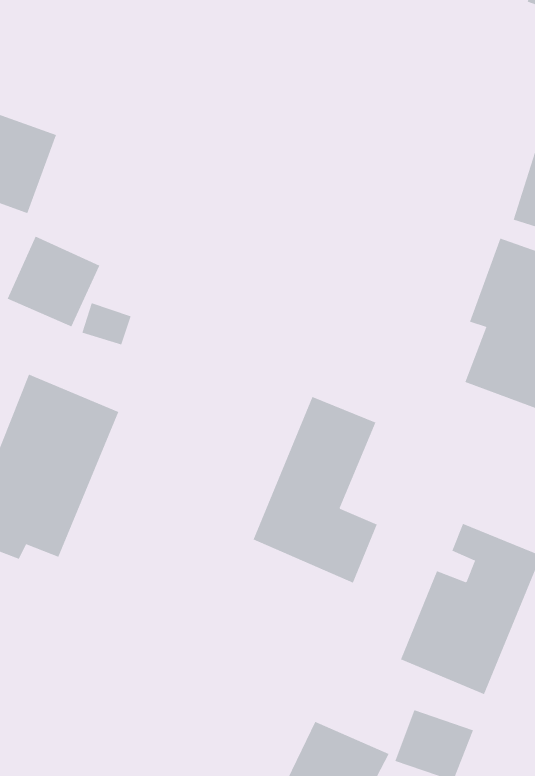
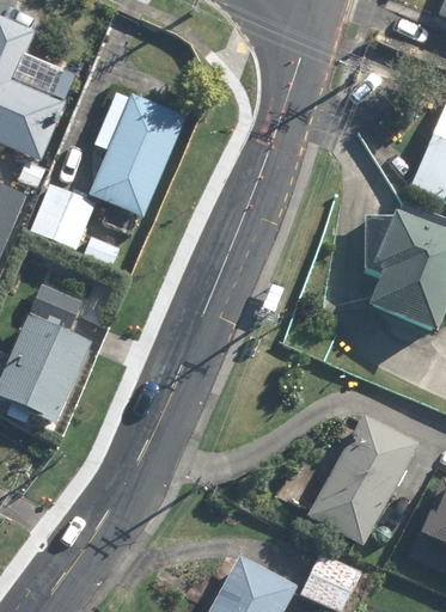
building: none -> [88,86,184,216]
building: [253,396,378,583] -> none

